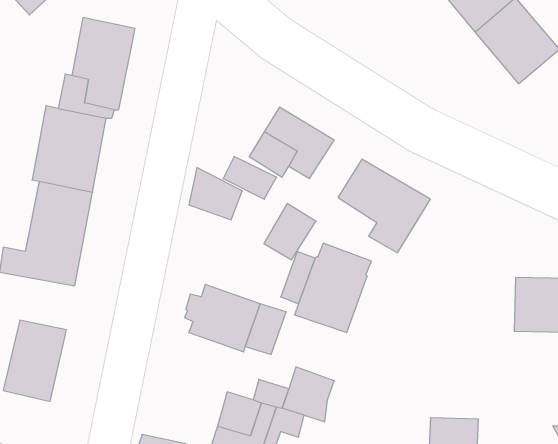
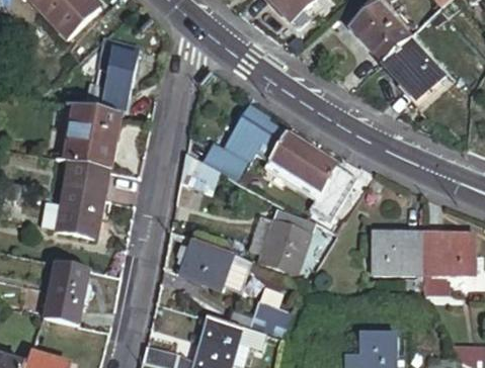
building: [264,203,316,260] -> [269,134,308,176]
building: none -> [369,235,420,275]

